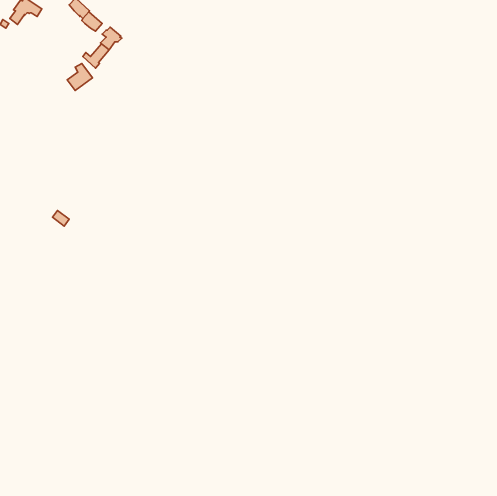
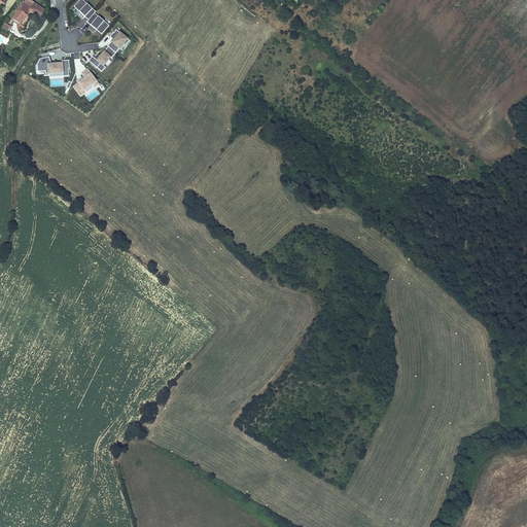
building: none -> [36,56,68,76]

